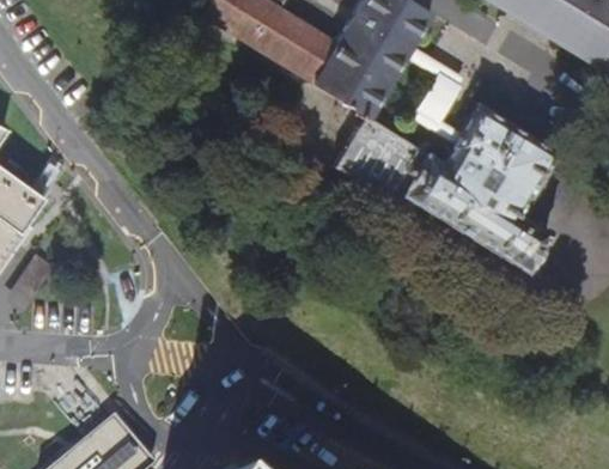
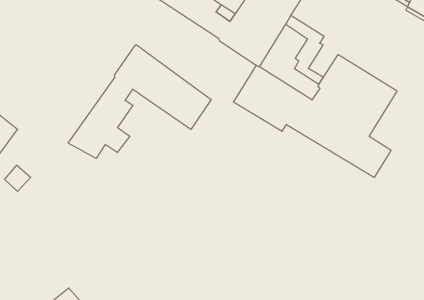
building: none -> [68,45,211,158]

